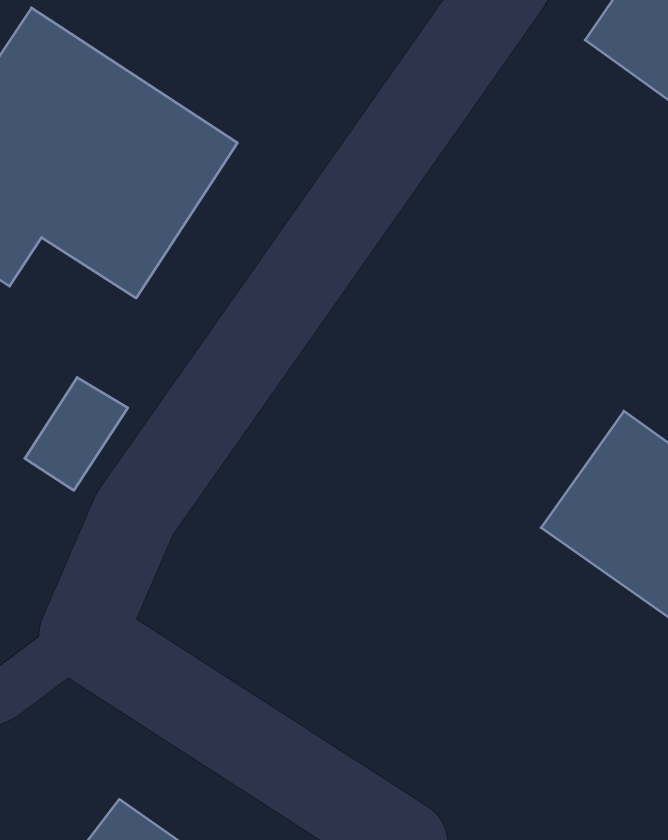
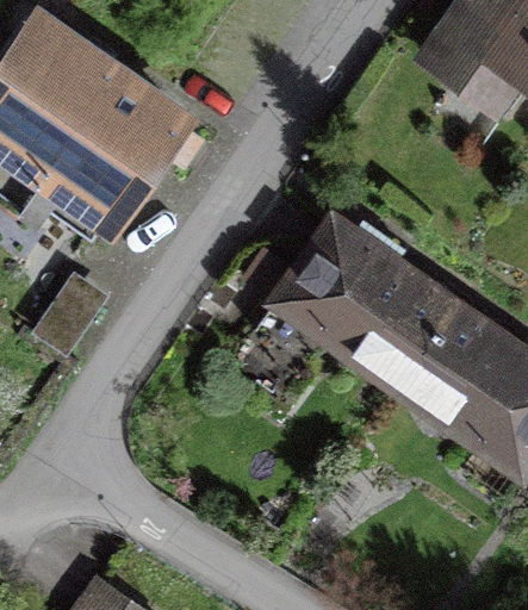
building: none -> [275,214,456,382]

